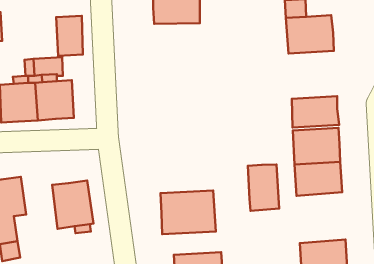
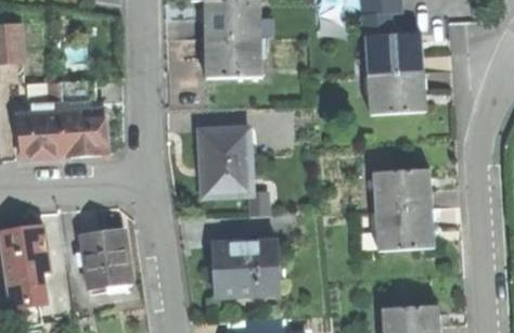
building: [56,16,83,56] -> none
building: none -> [205,40,261,80]
building: [292,96,339,127] -> [368,74,425,112]
building: none -> [200,130,252,197]
building: [248,165,279,211] -> none

